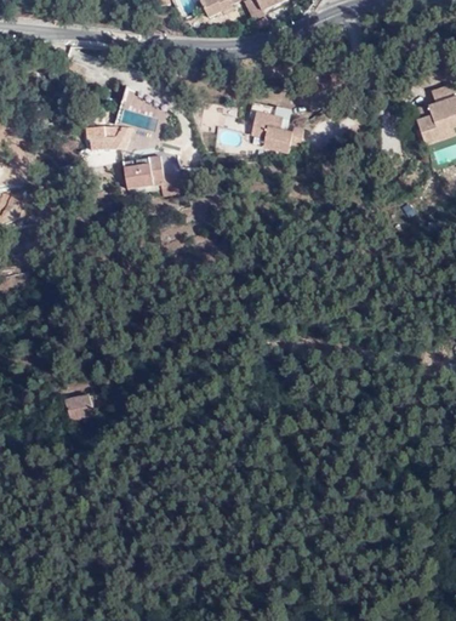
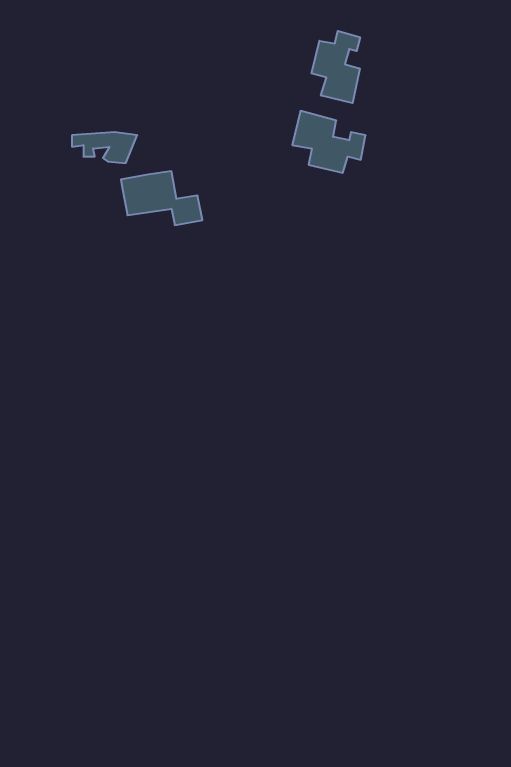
building: none -> [312,31,360,103]
building: [67,393,98,420] -> none

